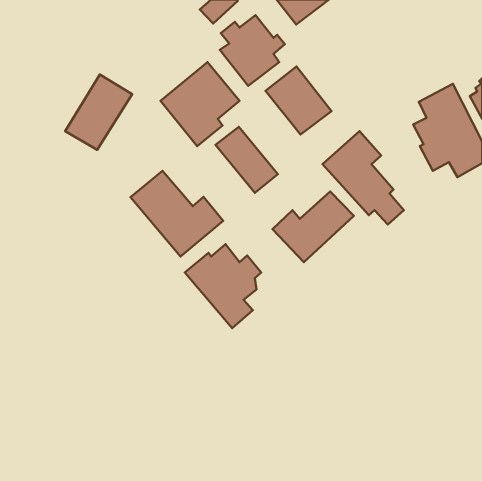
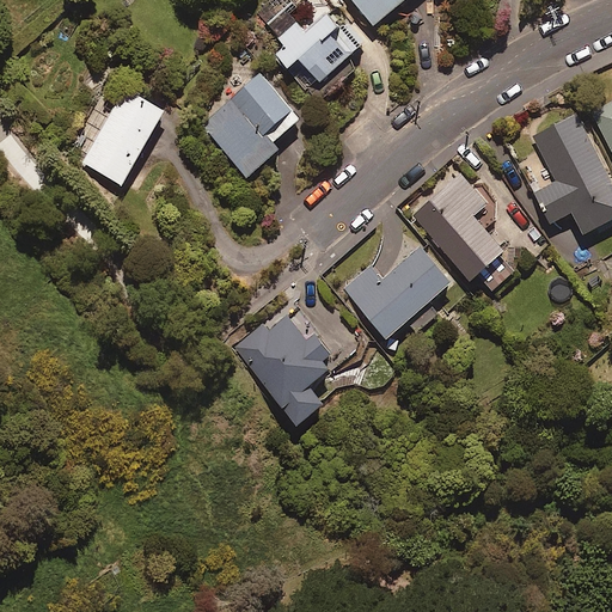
building: [265,67,331,135] -> none
building: [216,127,278,193] -> none
building: [130,171,223,256] -> none

